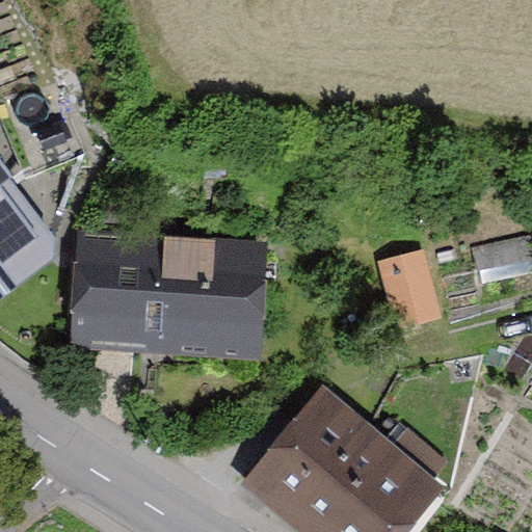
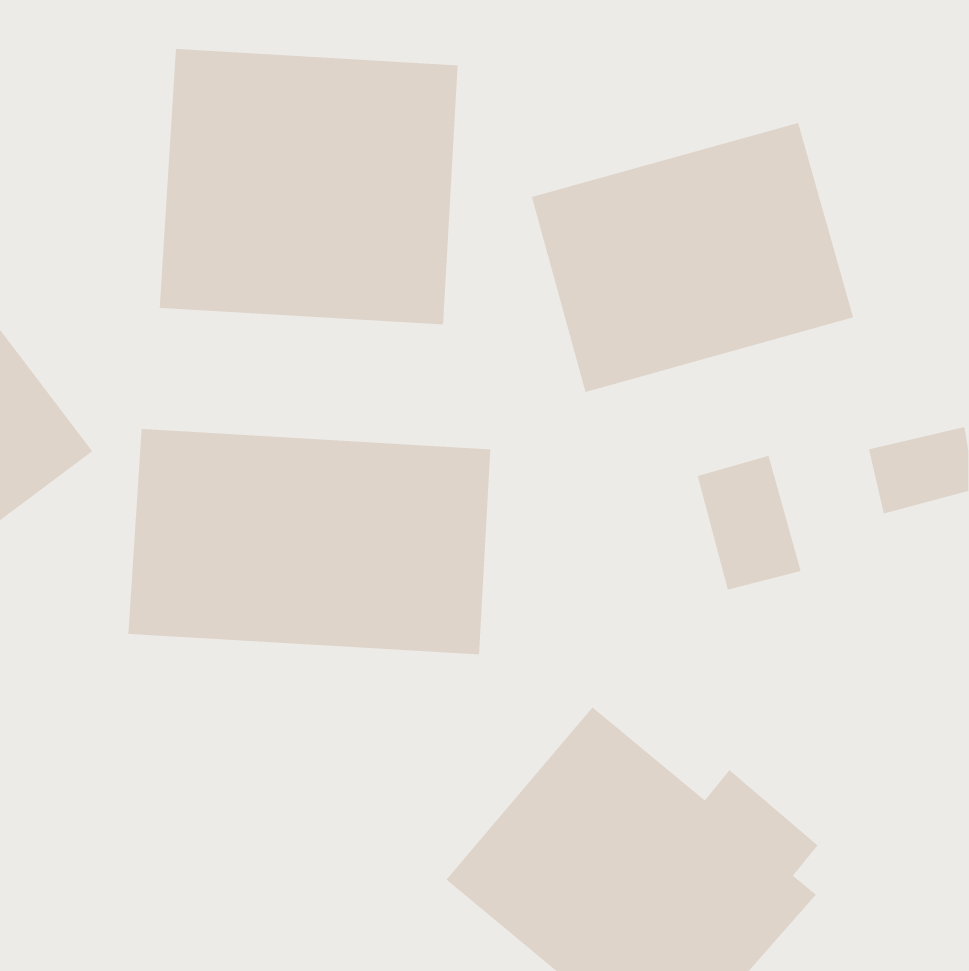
building: none -> [159,48,458,325]
building: none -> [531,122,854,393]

